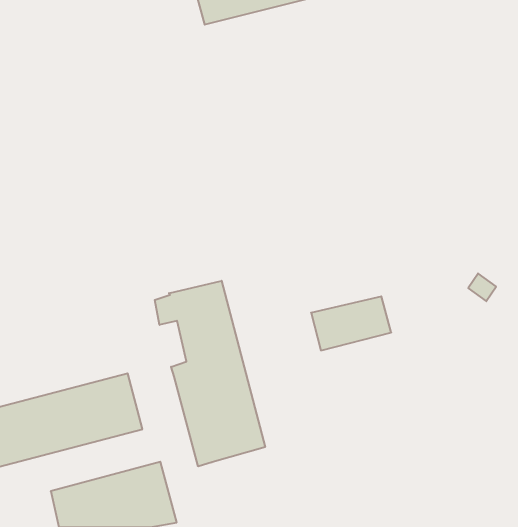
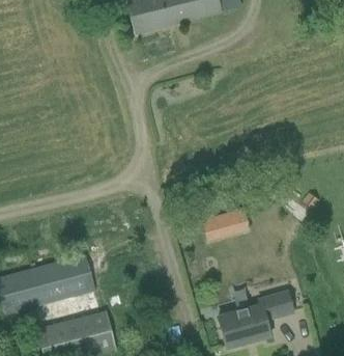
building: [155,281,265,466] -> none
building: none -> [218,290,293,347]

